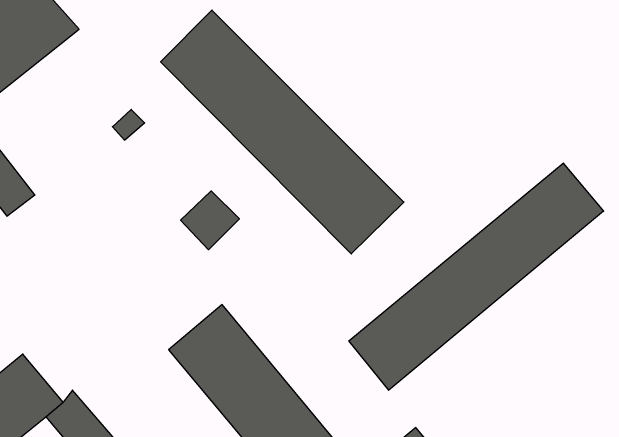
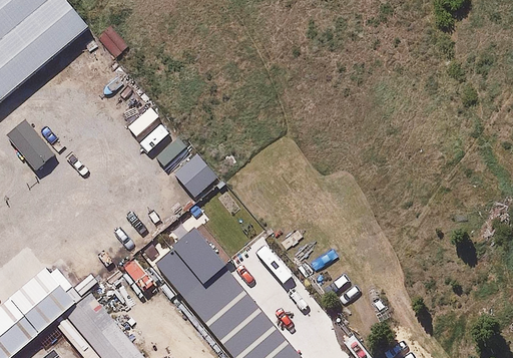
building: [161,10,404,254] -> none
building: [349,163,604,390] -> none

